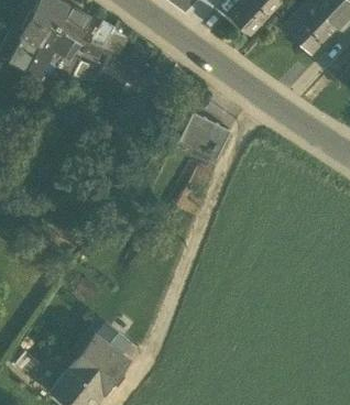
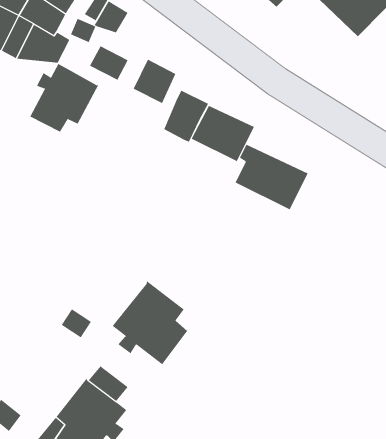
building: none -> [30,63,99,132]
building: none -> [164,90,209,143]
building: none -> [235,144,309,210]
building: none -> [112,280,188,365]

